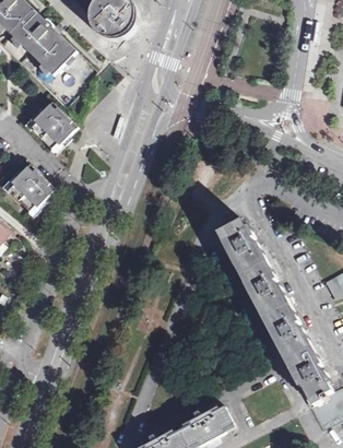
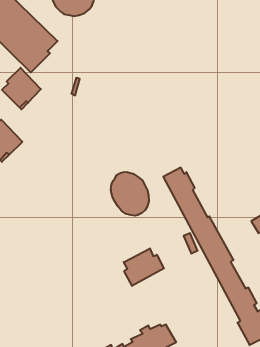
building: none -> [111,172,149,216]
building: none -> [124,248,164,286]

